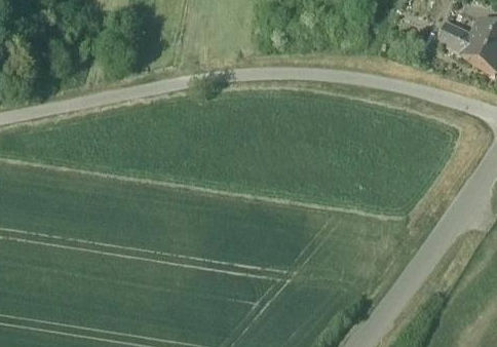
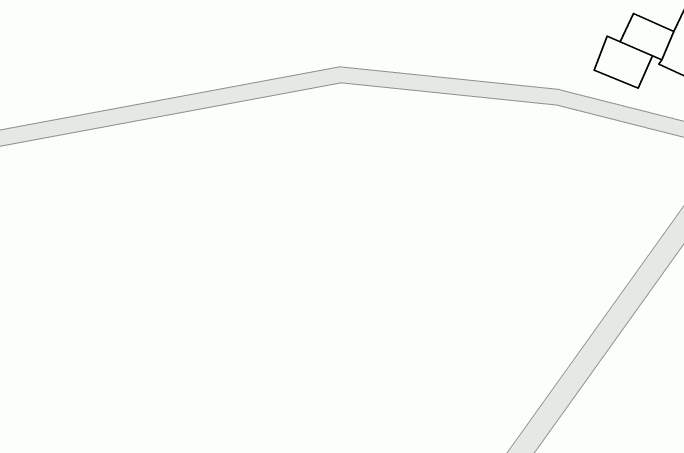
building: none -> [594,36,652,88]

